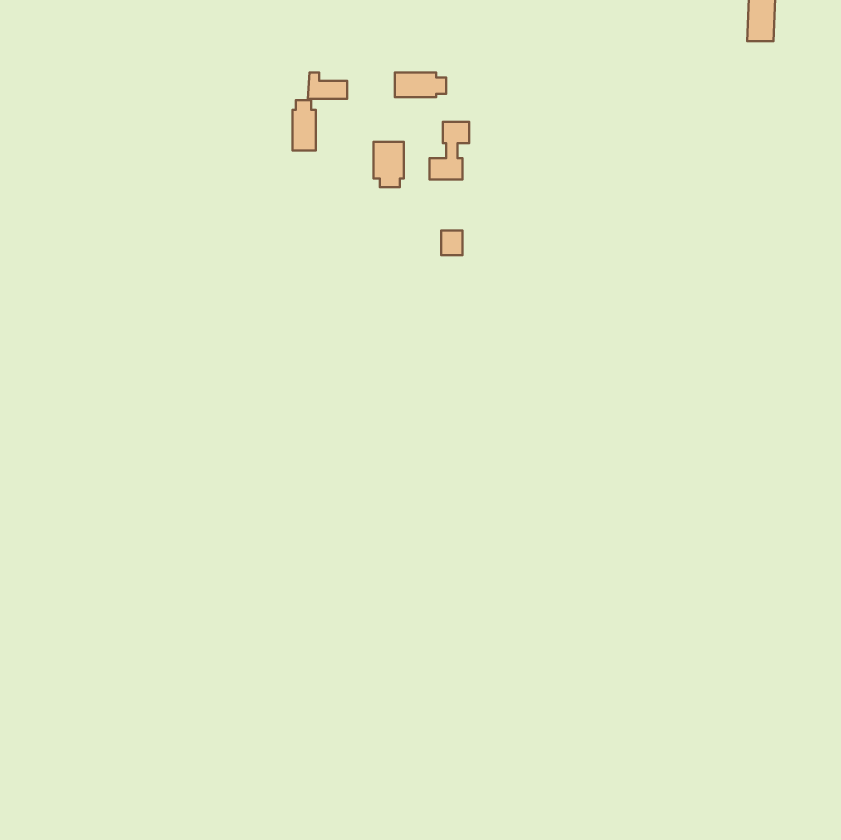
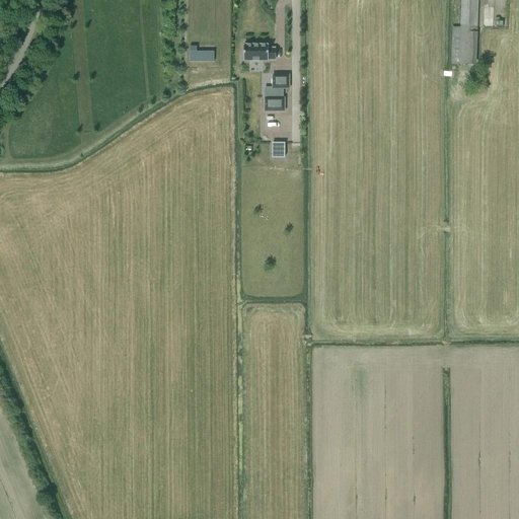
building: [293,100,316,150] -> none
building: [374,142,404,187] -> none

